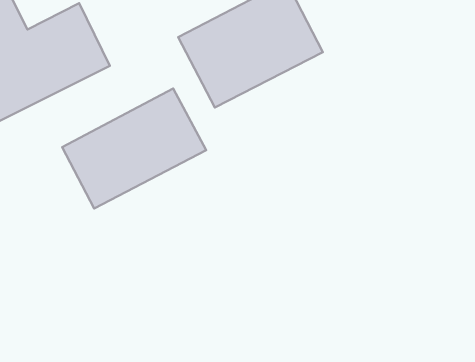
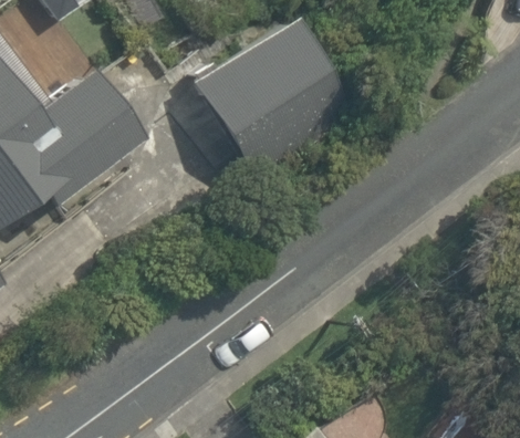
building: [62,89,206,208] -> none

